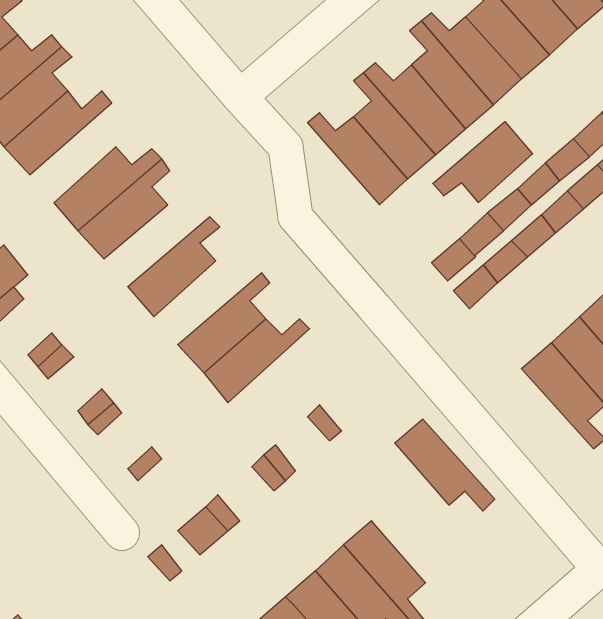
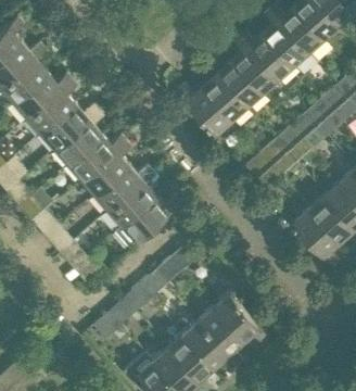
building: none -> [27,80,76,135]
building: [433,122,533,202] -> none
building: none -> [67,136,125,180]
building: none -> [94,166,153,212]
building: [395,419,495,511] -> [213,294,267,344]

